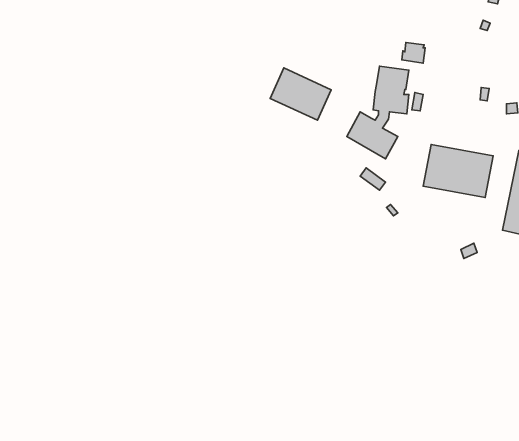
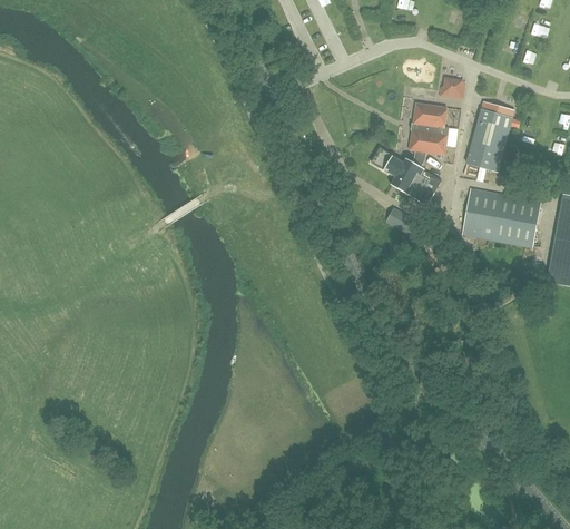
building: none -> [466,100,515,170]
building: [270,68,331,120] -> none

